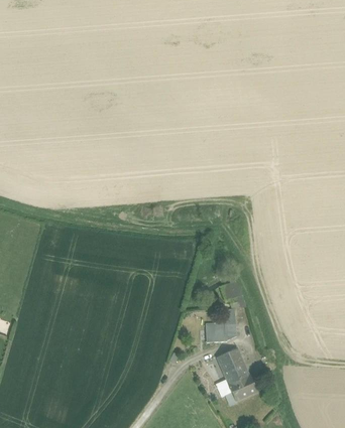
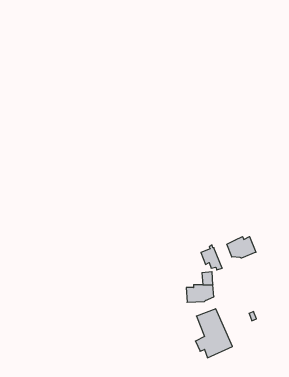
building: none -> [227,237,256,258]

